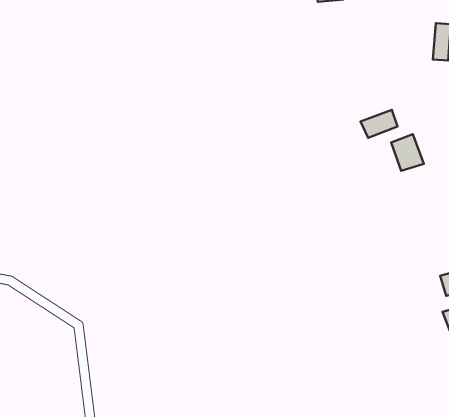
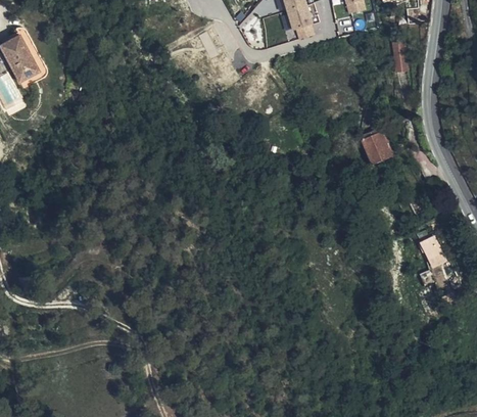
building: [360,110,398,138] -> none

